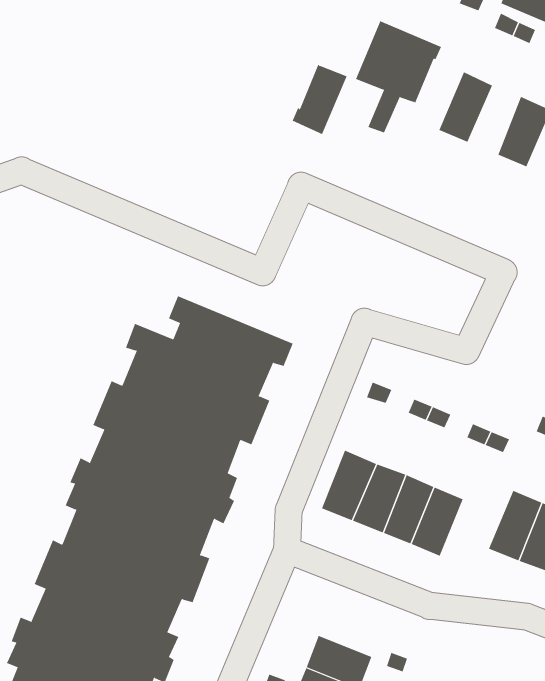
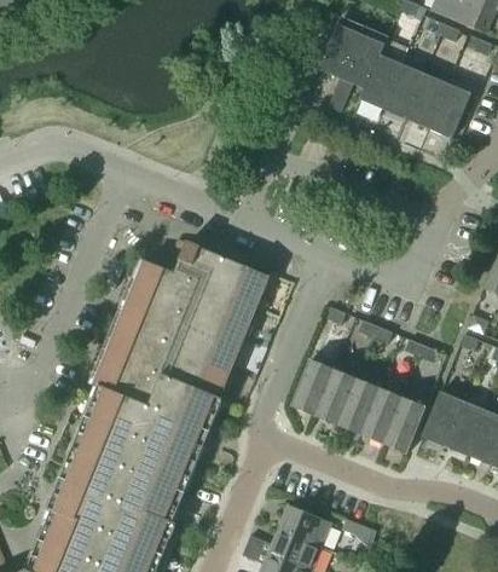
building: [292,64,347,135] -> [358,53,401,109]
building: none -> [405,74,446,128]
building: none -> [383,398,425,452]

